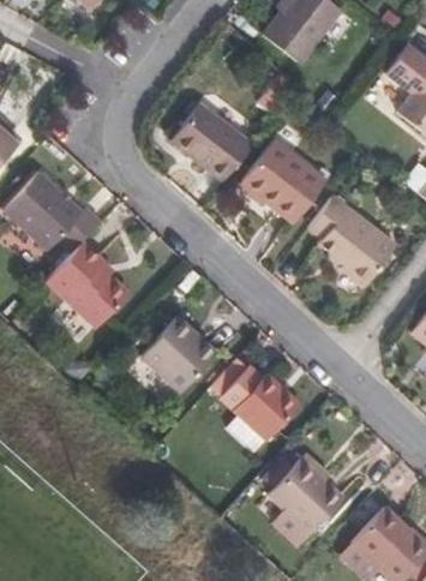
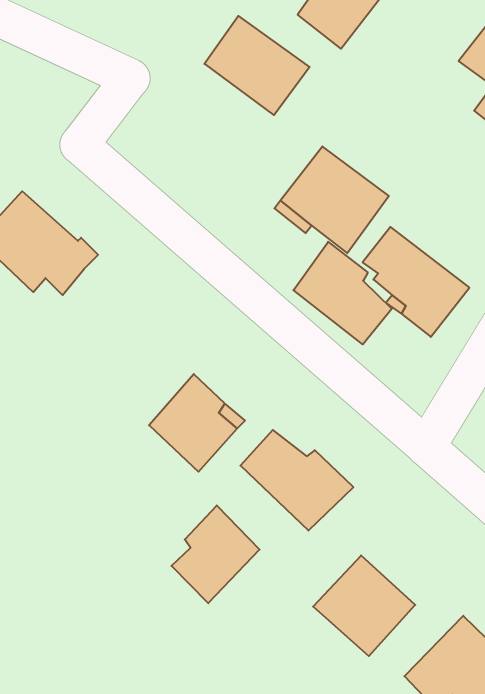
building: [168,107,250,184] -> [204,16,310,115]
building: none -> [293,242,392,344]
building: [58,234,138,319] -> none
building: none -> [171,505,260,603]

